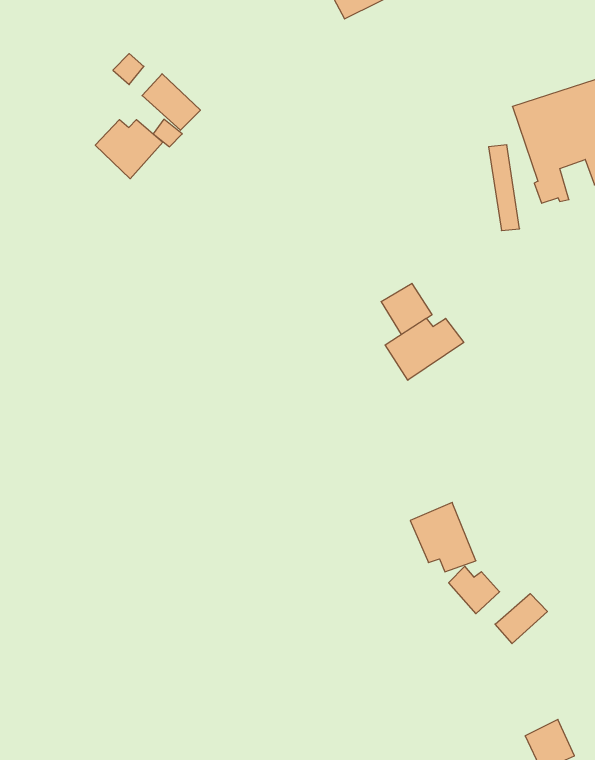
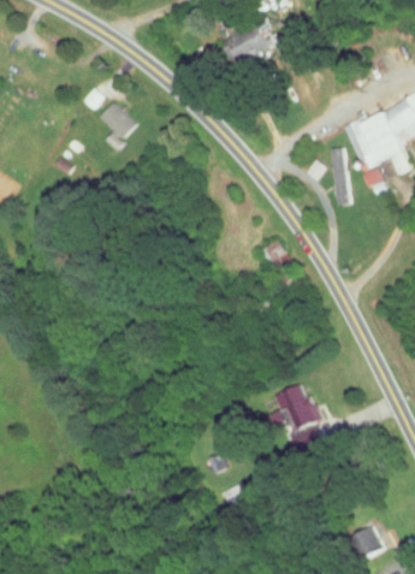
building: [95,120,163,179] -> none
building: [385,318,464,380] -> none
building: [495,594,547,644] -> none

